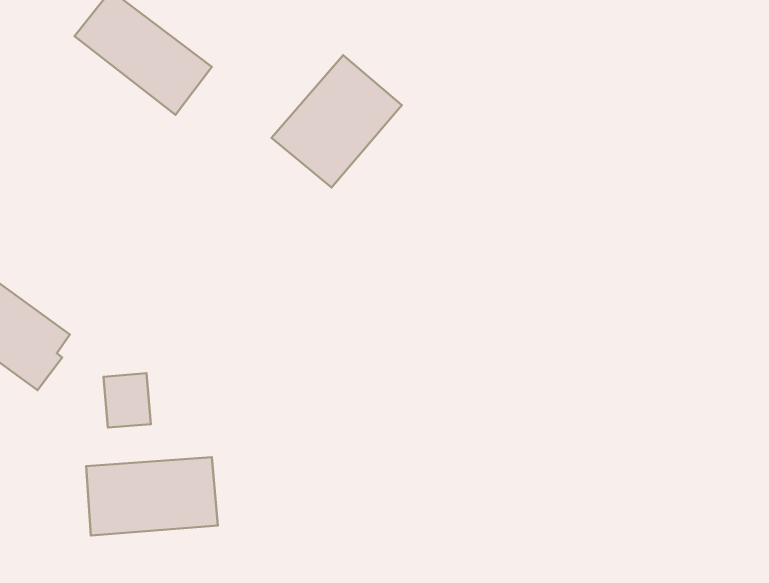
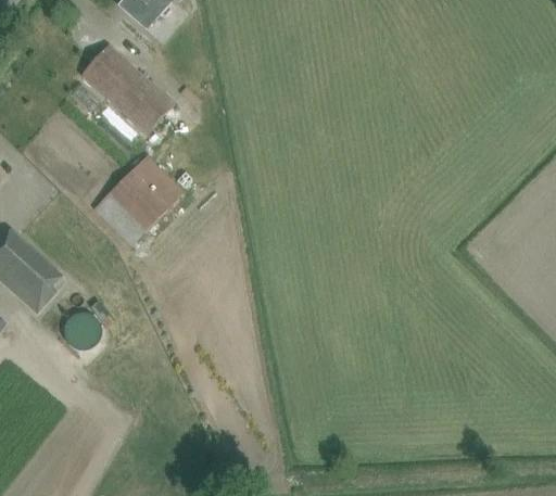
building: [271,55,402,188] -> [92,155,182,244]
building: [86,457,218,536] -> none

